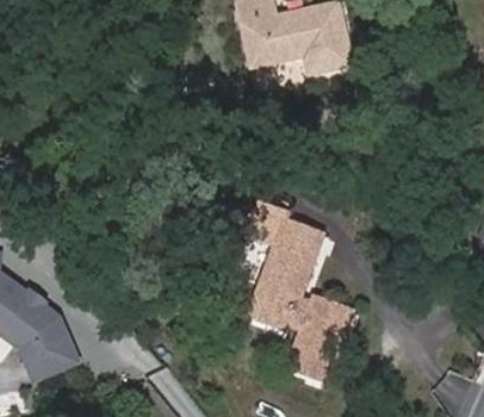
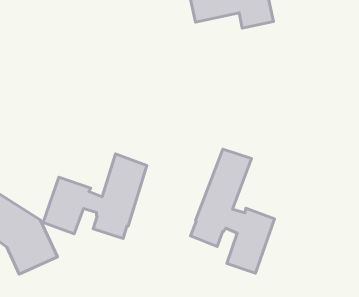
building: none -> [43,154,147,239]

